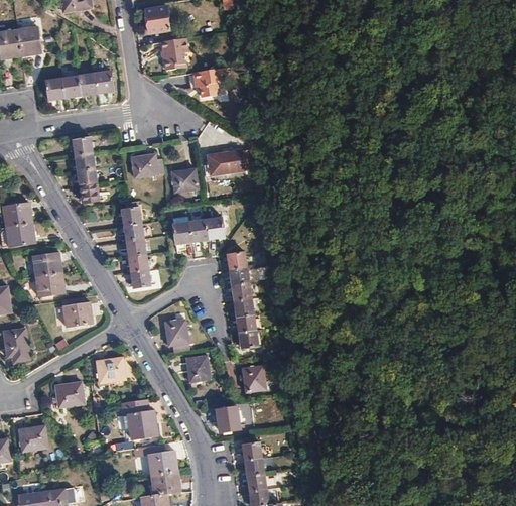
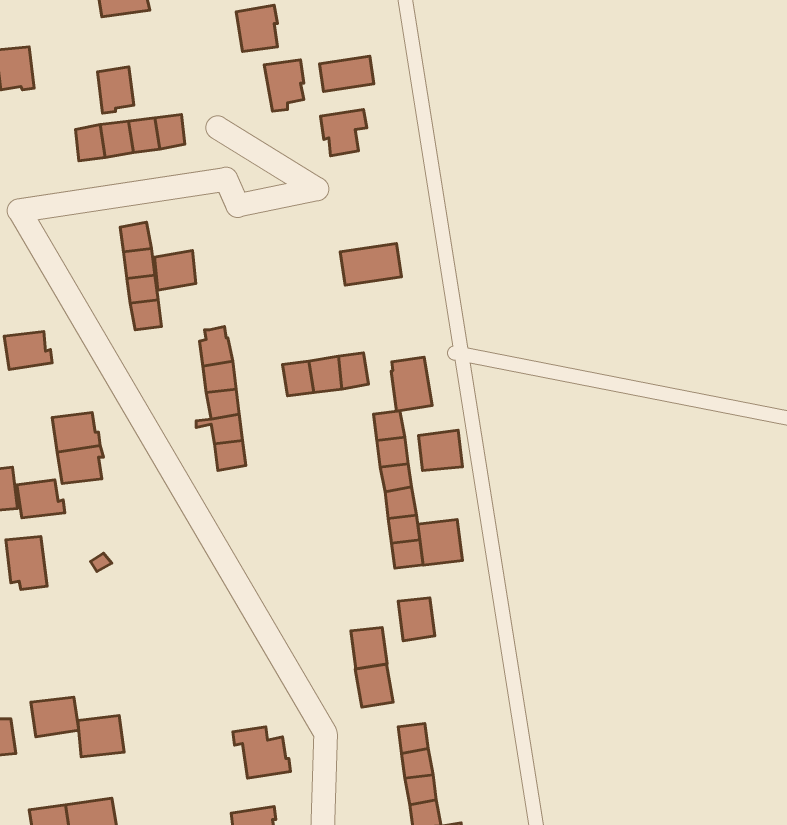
building: [18,27,40,55] -> [97,67,134,113]
building: none -> [319,56,374,92]
building: [132,153,157,177] -> [155,250,196,290]
building: [171,168,198,192] -> none
building: none -> [391,357,432,411]
building: [6,223,33,247] -> none
building: none -> [419,430,463,471]
building: [63,303,93,327] -> [17,480,65,518]
building: none -> [418,520,463,565]
building: [165,320,188,352] -> none
building: [187,356,210,381] -> [351,628,387,669]
building: [97,358,125,383] -> none
building: [55,382,84,407] -> [78,716,124,757]
building: [122,400,157,439] -> none
building: [151,472,178,495] -> none

